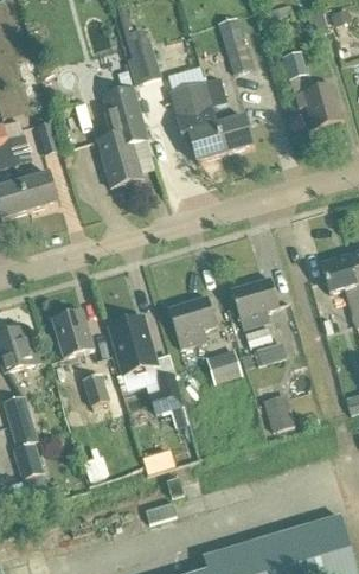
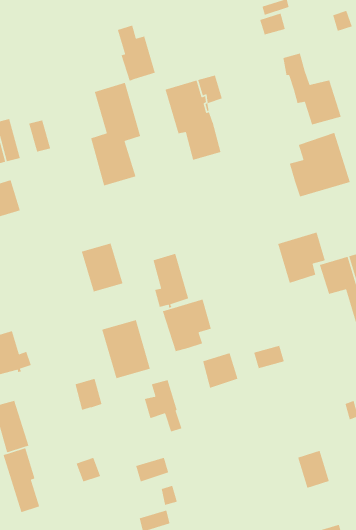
building: [218,18,251,74] -> none
building: [217,115,254,153] -> none
building: none -> [289,132,351,198]
building: [20,172,57,210] -> none
building: none -> [152,253,189,309]
building: [231,278,278,329] -> [277,231,326,284]
building: [52,308,94,357] -> [81,242,123,292]
building: [262,391,294,429] -> [297,450,330,489]

